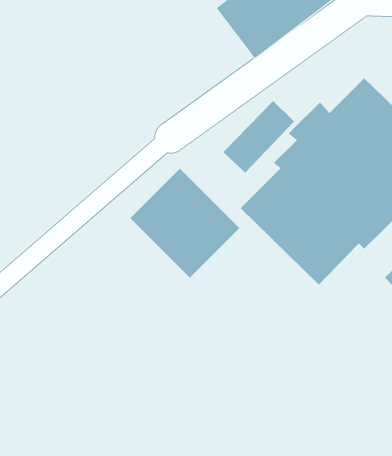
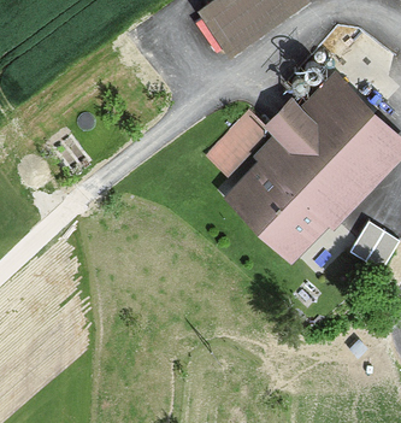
building: [130,168,240,279] -> none

